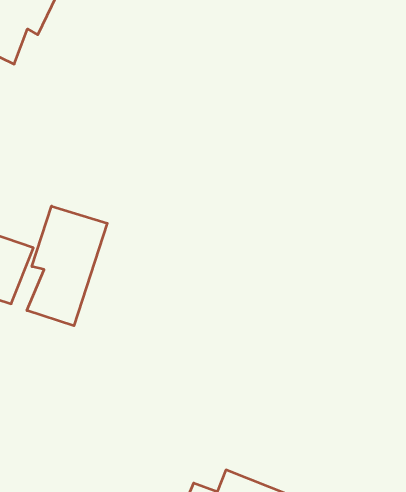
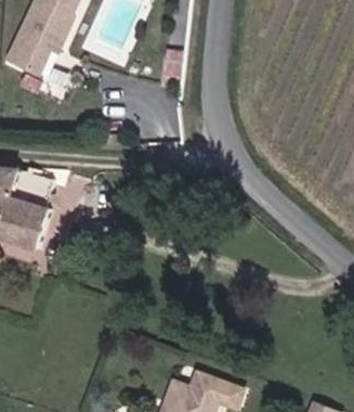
building: [27,206,107,326] -> none

